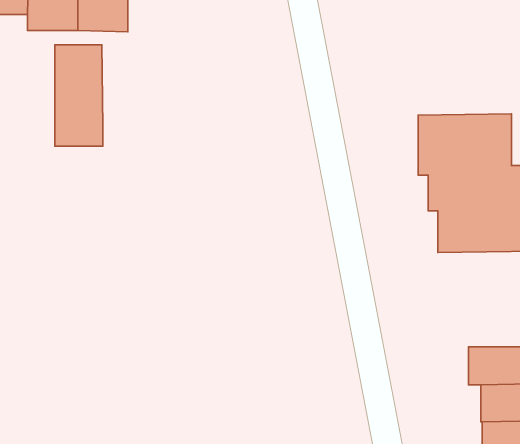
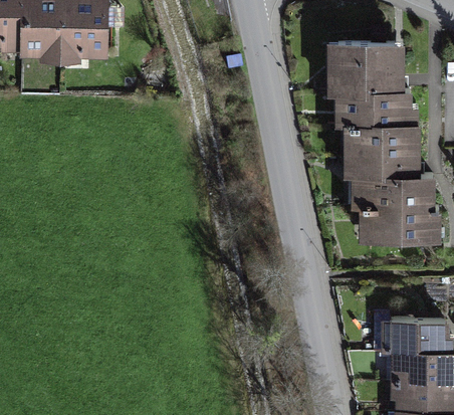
building: none -> [327,43,420,130]
building: [55,45,103,146] -> none

